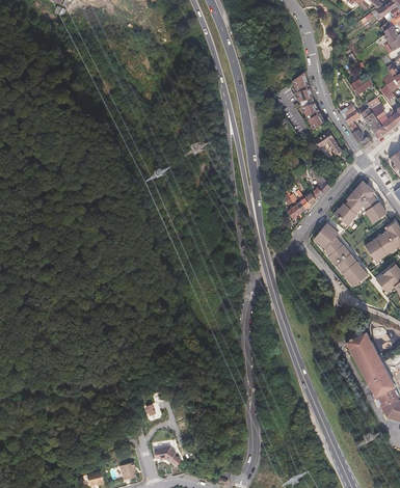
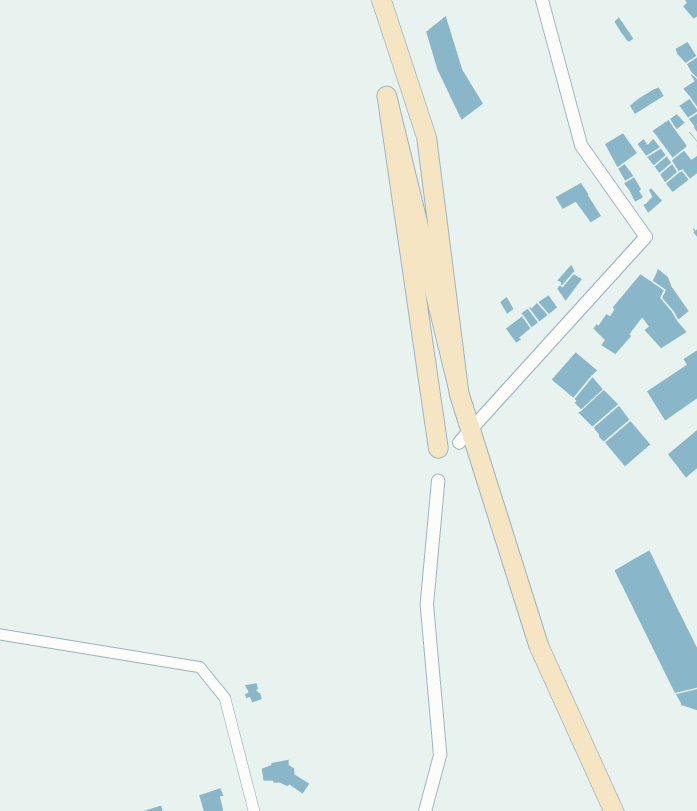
building: [293,72,325,130] -> [425,14,484,121]

